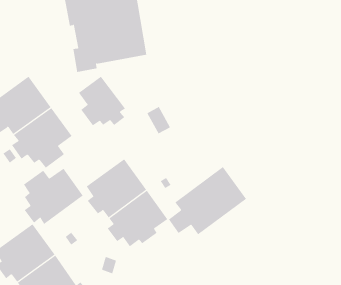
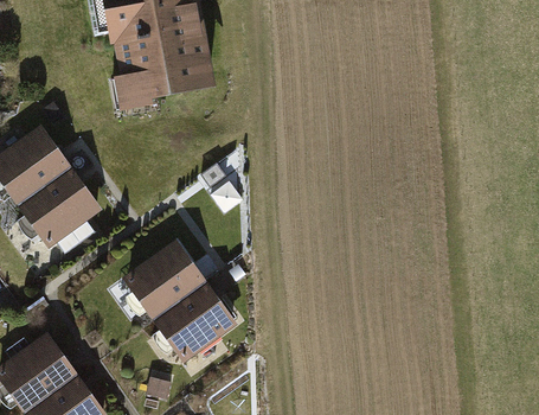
building: [78,76,126,126] -> none
building: [168,166,247,235] -> none
building: [23,168,84,225] -> none

